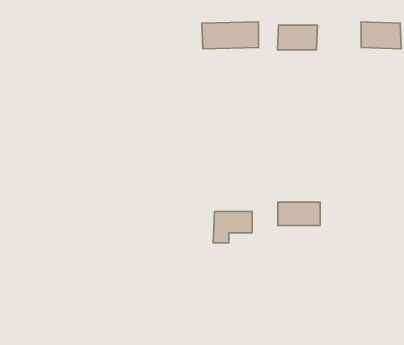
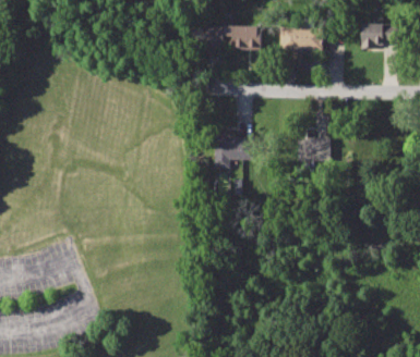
building: [278,202,320,226] -> [291,136,333,159]
building: [213,212,252,243] -> [212,137,250,168]

